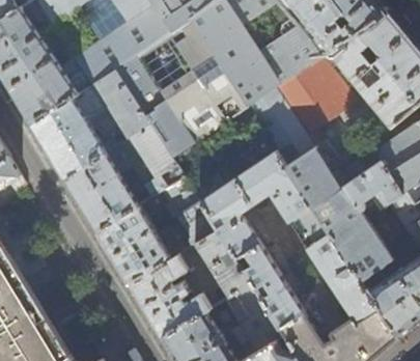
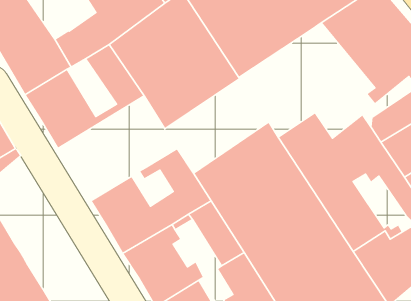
building: [245,58,355,167] -> none
building: [62,126,183,231] -> none

